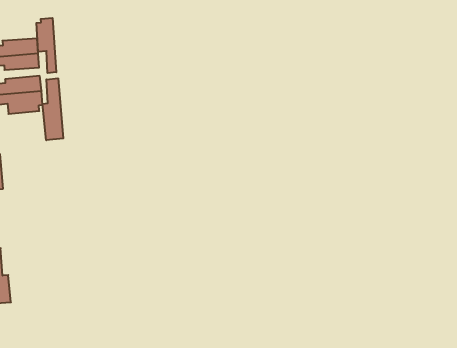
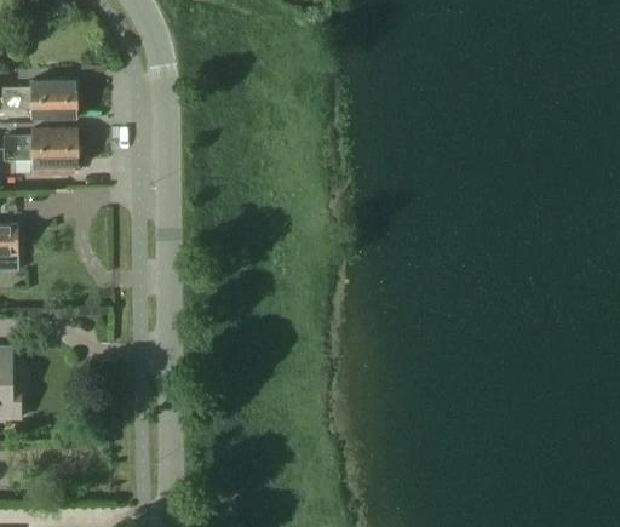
building: [36,18,56,73] -> none
building: [43,78,63,140] -> none

